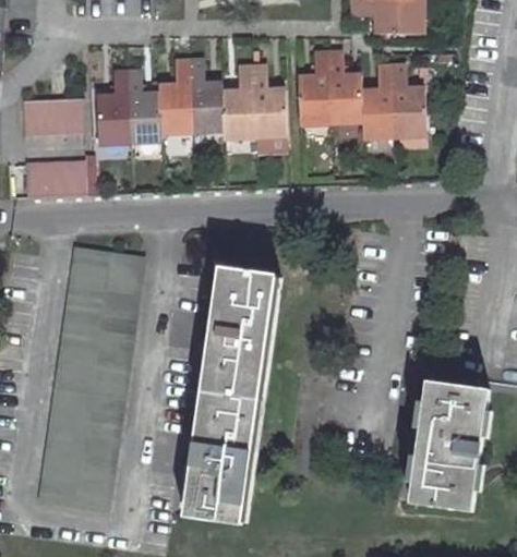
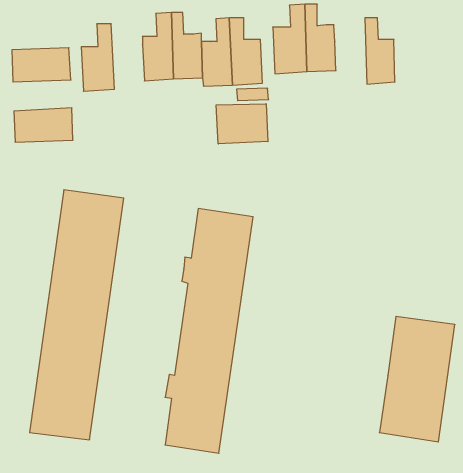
building: [362,65,396,136] -> none
building: [127,72,161,141] -> none
building: none -> [216,104,268,144]

